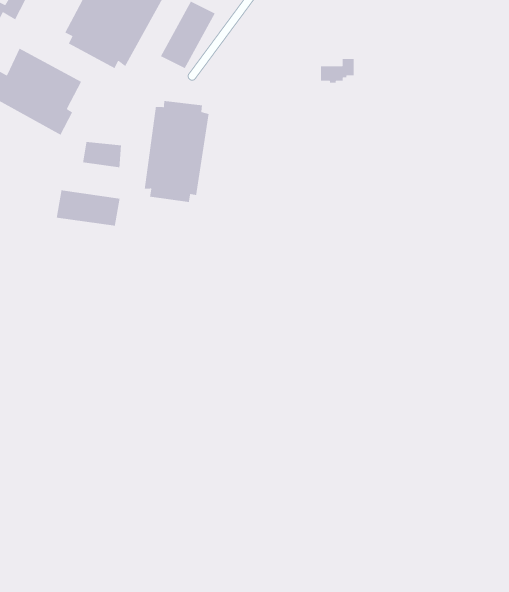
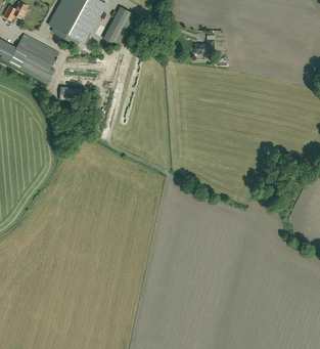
building: [144,100,209,203] -> none
building: [56,190,120,227] -> none

